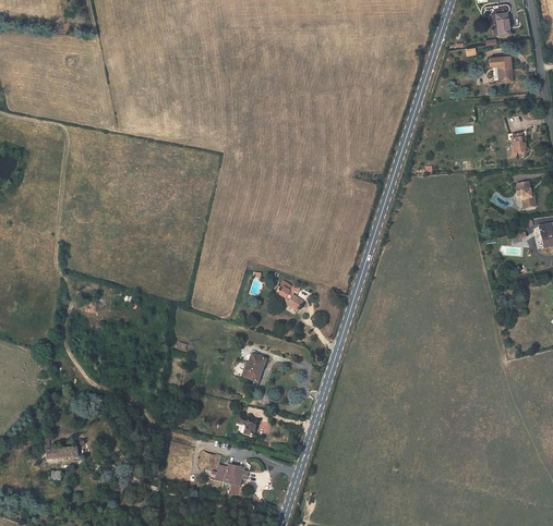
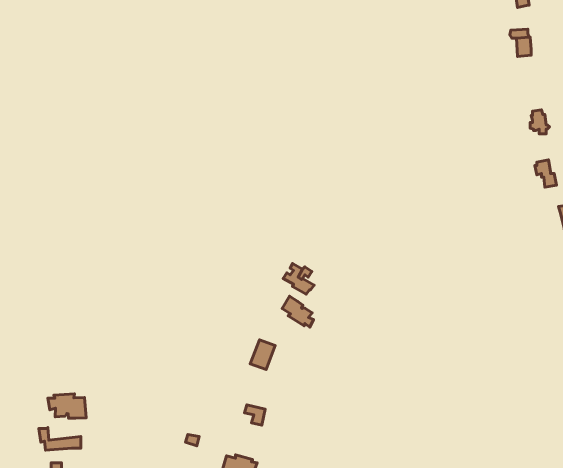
building: none -> [282,296,313,327]
building: none -> [48,394,86,418]

